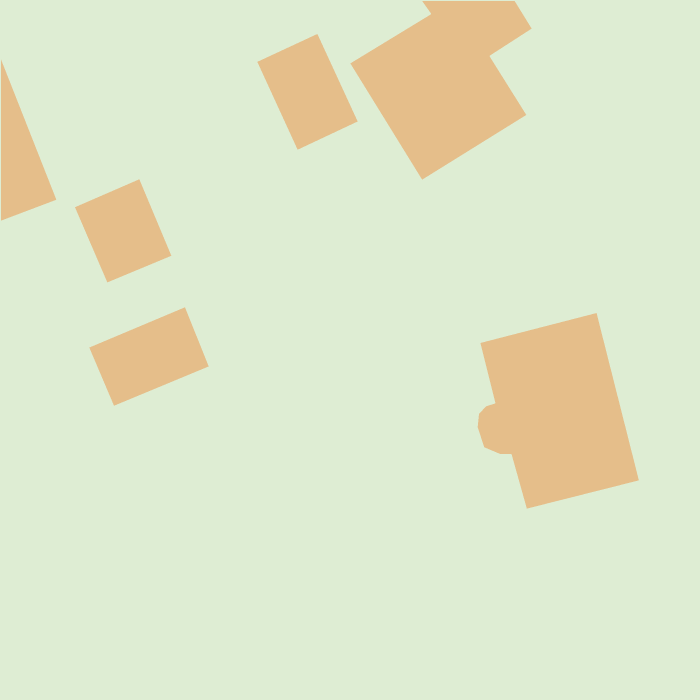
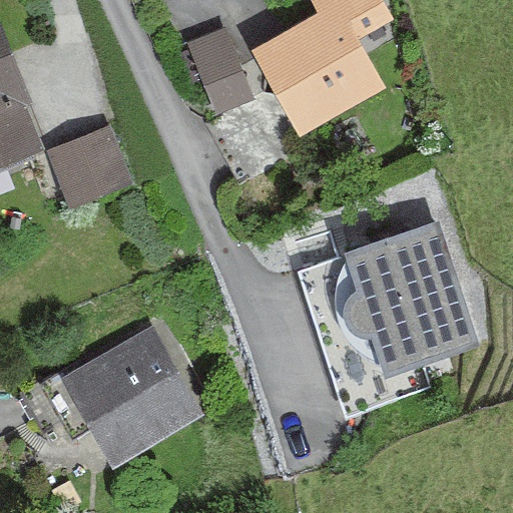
building: [88,306,210,407] -> none
building: none -> [62,330,197,466]

